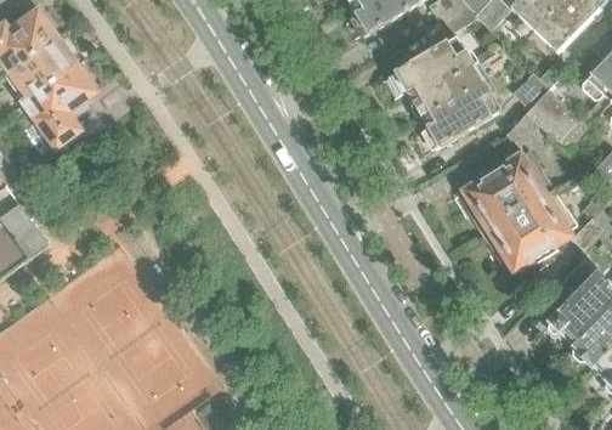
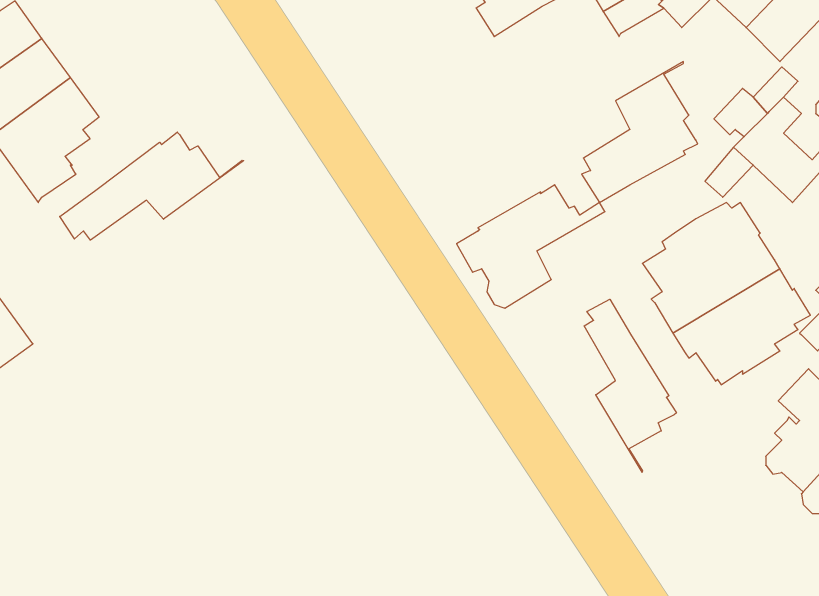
building: [392,34,493,118] -> [457,185,605,308]
building: none -> [60,132,244,240]
building: none -> [584,299,676,472]

